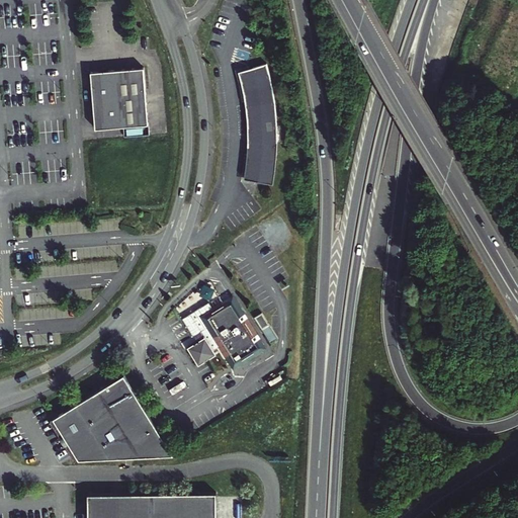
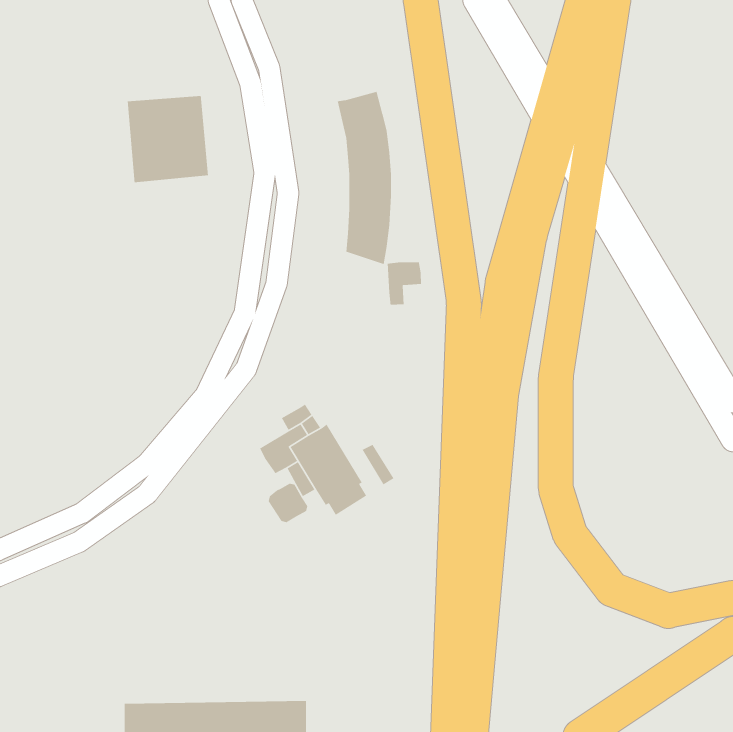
building: none -> [387,262,422,306]
building: [55,377,174,461] -> none

